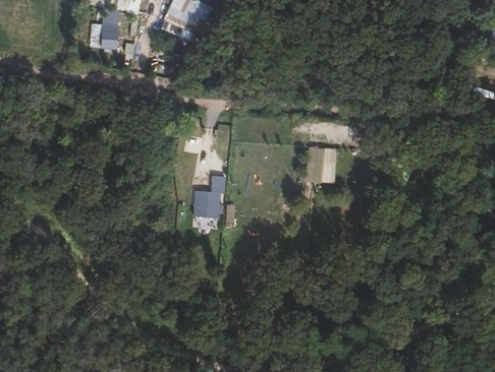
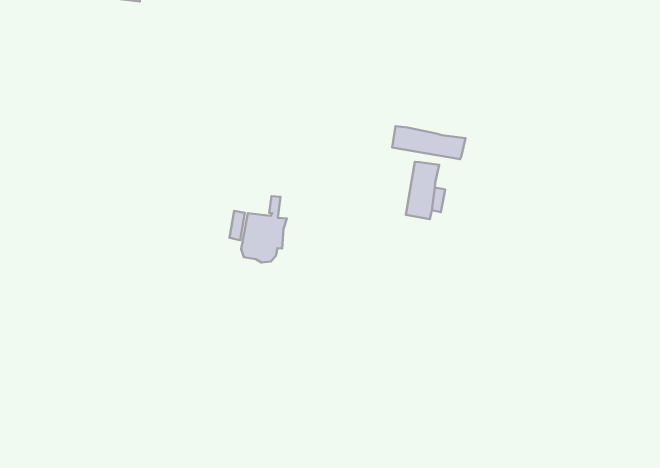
building: none -> [392,126,466,159]

